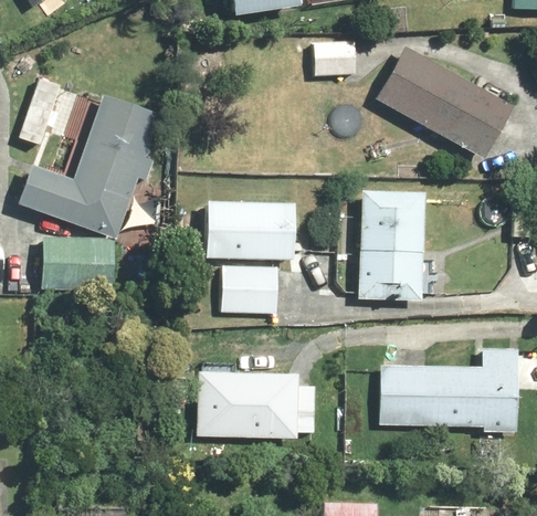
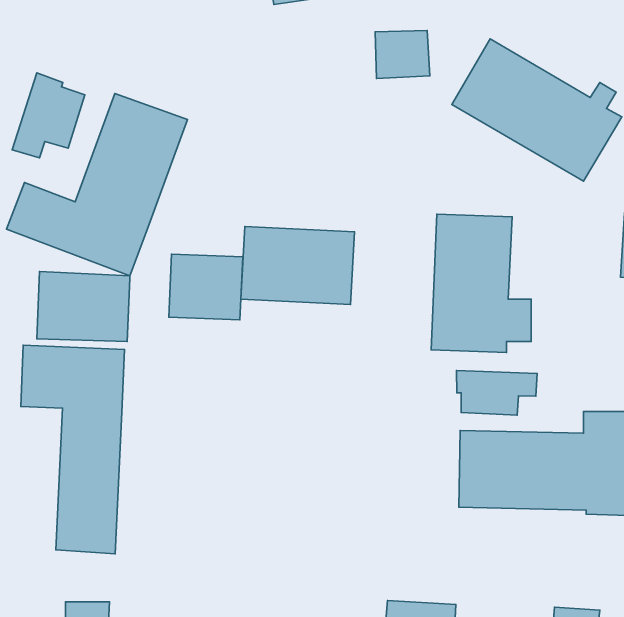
building: [220,263,280,316] -> [169,254,243,320]
building: none -> [21,345,125,554]
building: none -> [457,371,537,415]
building: [196,369,316,440] -> none

